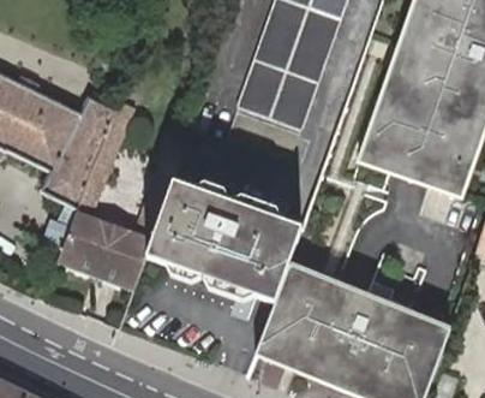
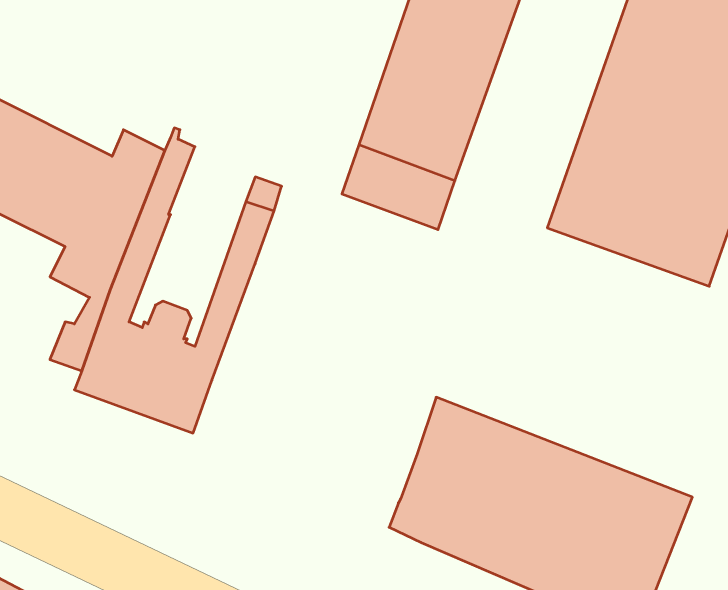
building: [144,182,303,303] -> none

